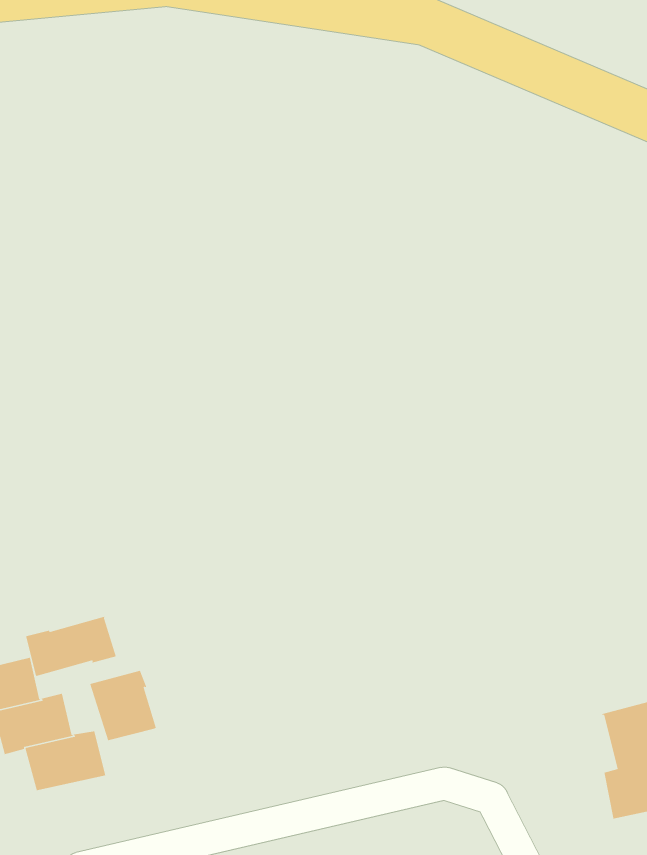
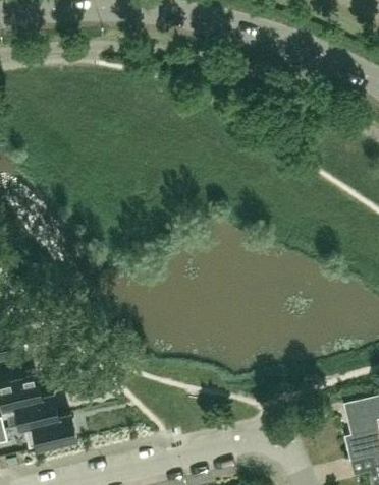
building: [25,616,117,677] -> none
building: [89,670,157,741] -> none

